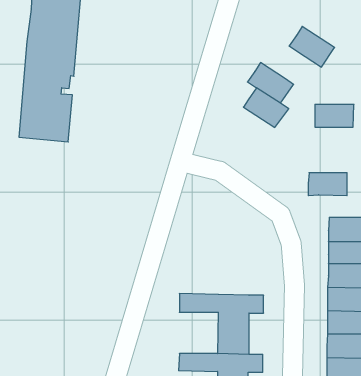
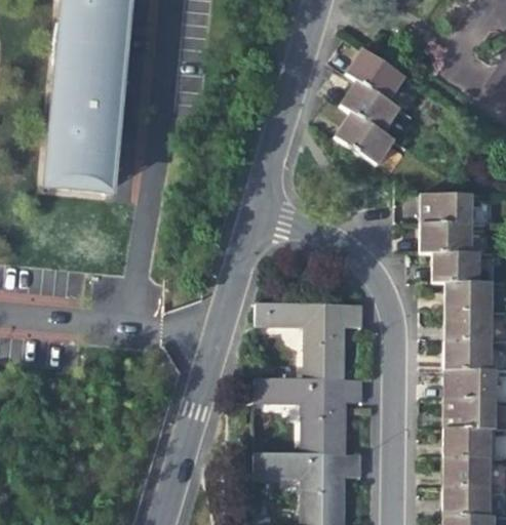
building: [289,26,335,67] -> [350,54,407,106]
building: [315,104,354,127] -> [421,196,470,225]
building: none -> [433,252,478,281]
building: none -> [258,304,364,379]

